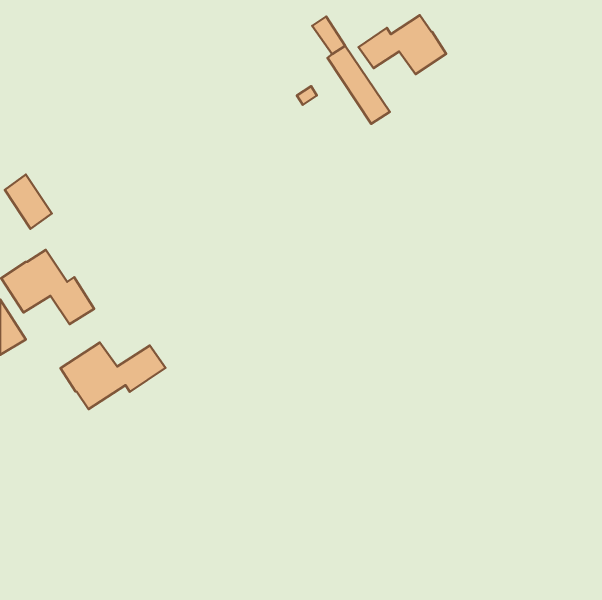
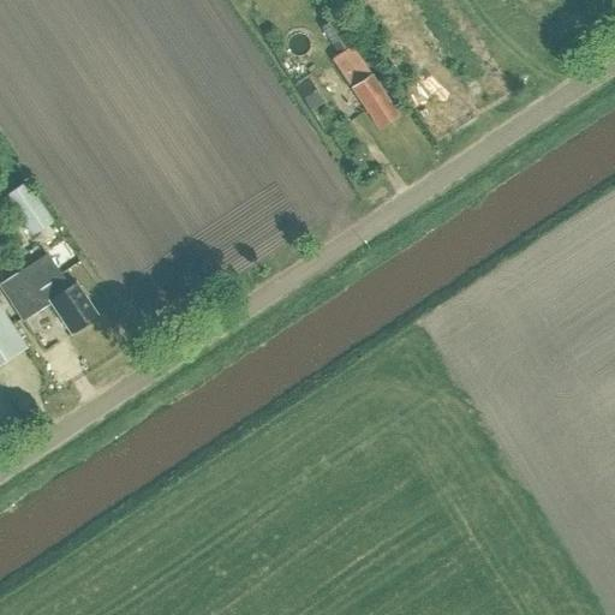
building: [359,15,446,74] -> none
building: [61,342,165,409] -> none

